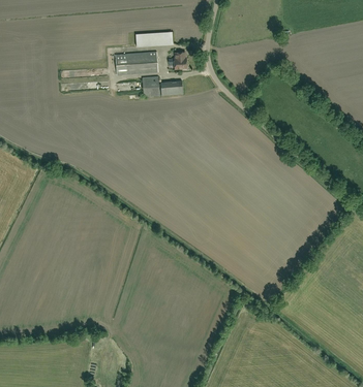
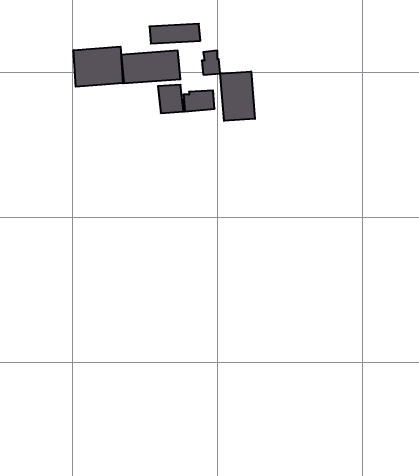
building: none -> [74,47,123,87]
building: none -> [220,71,255,121]

